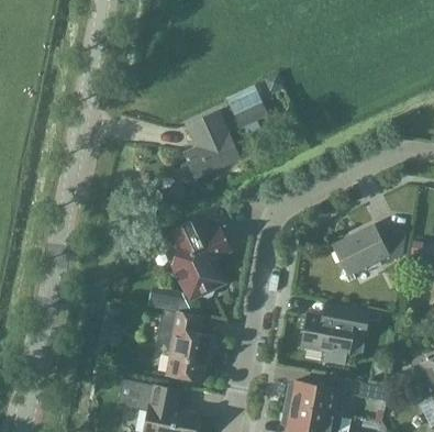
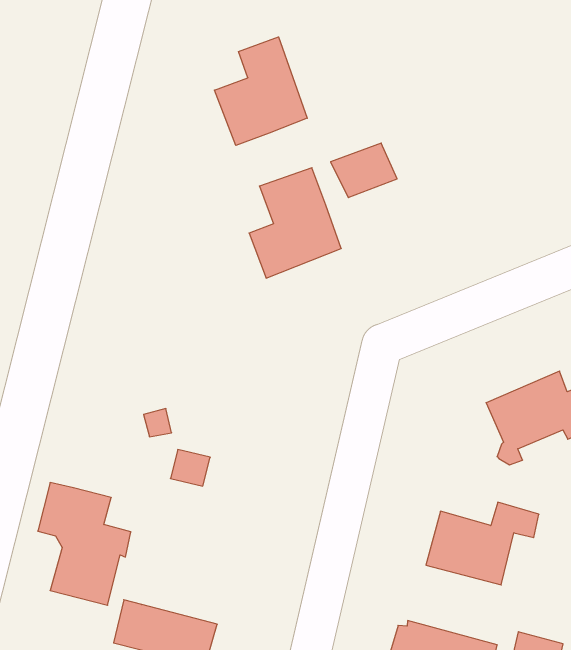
building: none -> [214,37,307,145]
building: [171,217,230,299] -> none
building: [157,310,213,381] -> [38,483,131,605]

